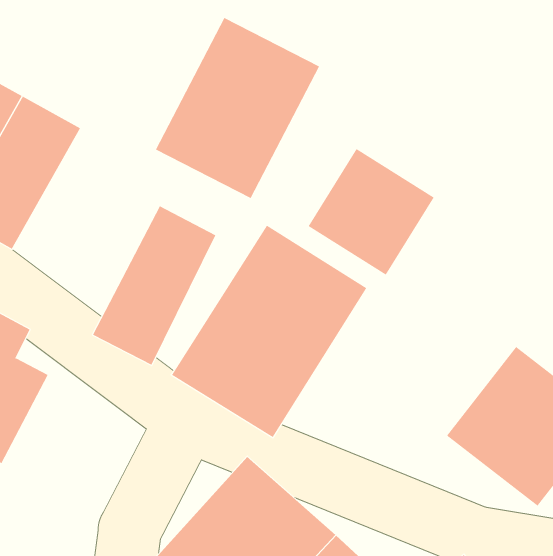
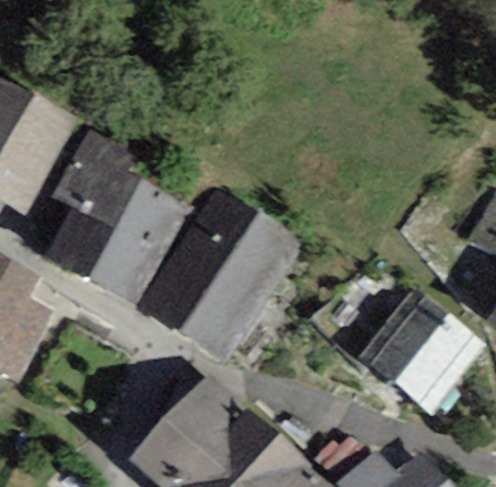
building: [155,17,320,199] -> none
building: none -> [46,131,139,281]
building: [308,148,434,275] -> none

